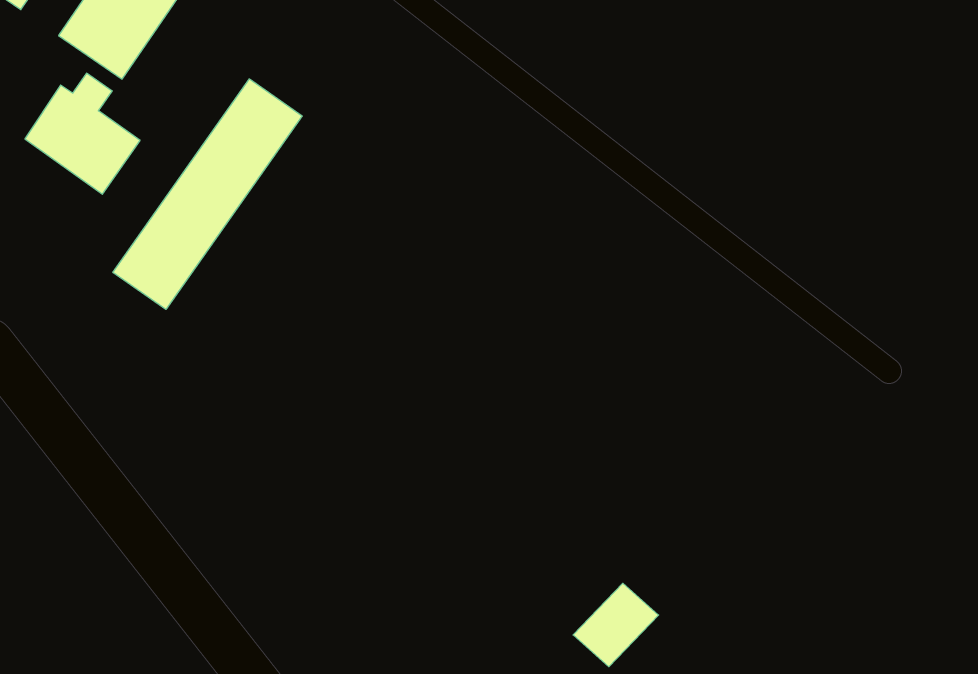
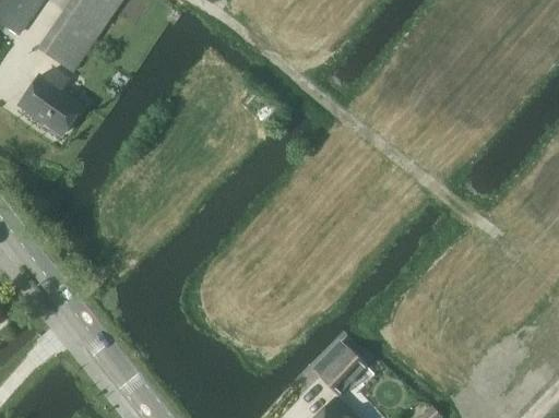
building: [113,79,302,309] -> none

